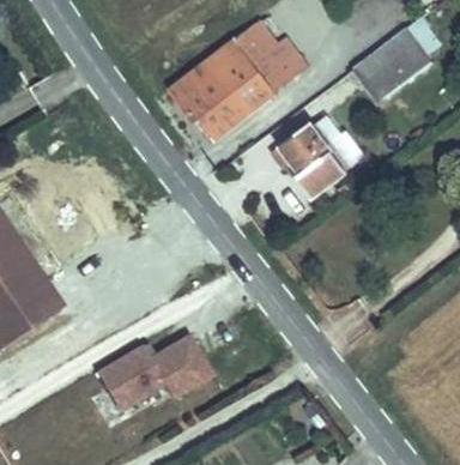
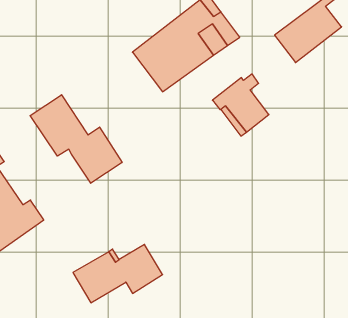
building: none -> [30,95,122,183]

